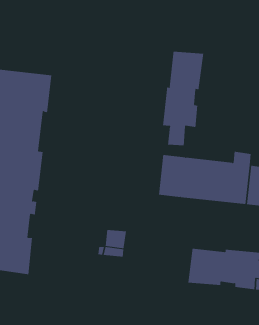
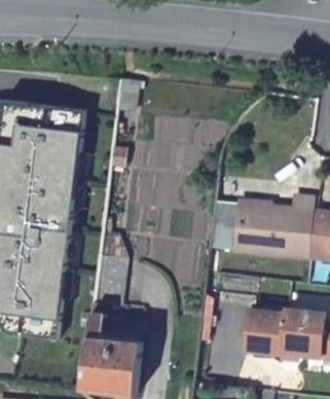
building: [163,51,204,146] -> none
building: none -> [85,307,142,390]

